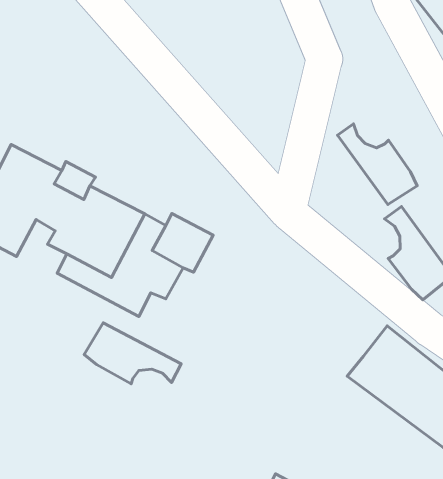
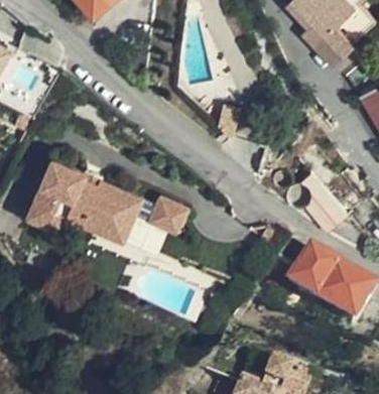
building: [338,124,417,205] -> none
building: [84,323,181,384] -> none

